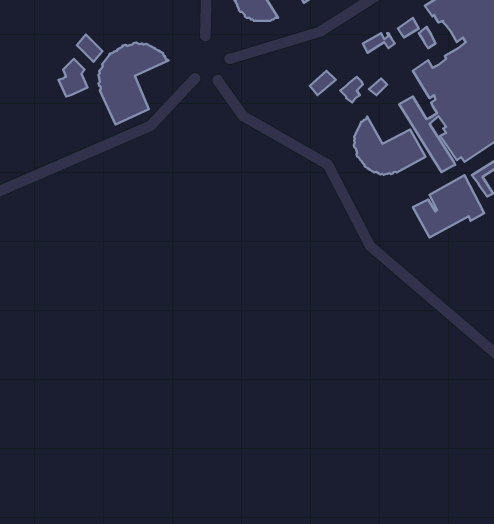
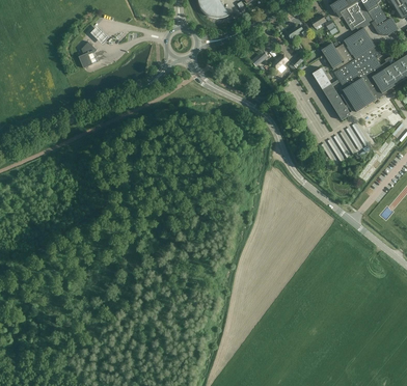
building: [99,42,169,125] -> none
building: [354,117,425,175] -> none

